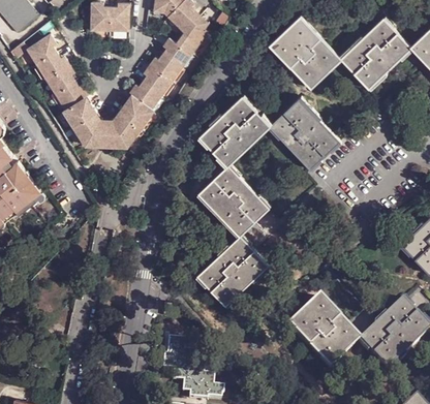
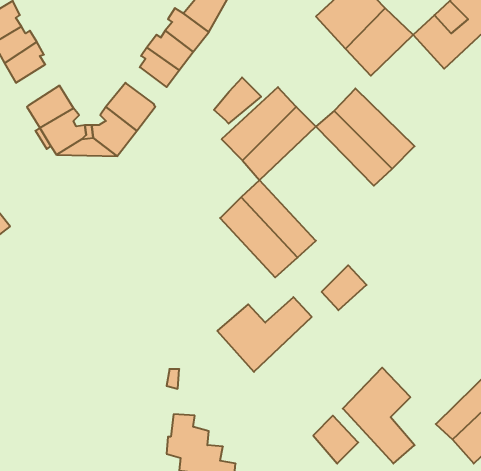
building: [51,80,85,110] -> none
building: [129,82,161,108] -> none
building: none -> [214,77,261,124]
building: [221,236,254,269] -> [322,265,367,310]
building: [326,323,359,359] -> [313,416,358,464]

